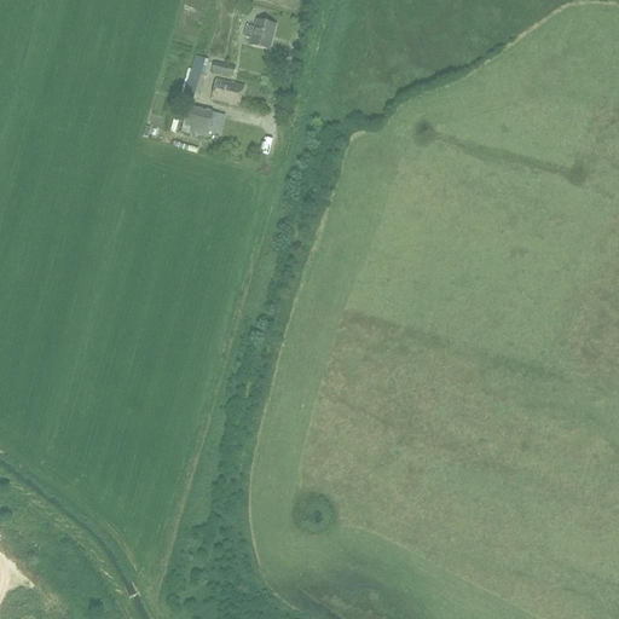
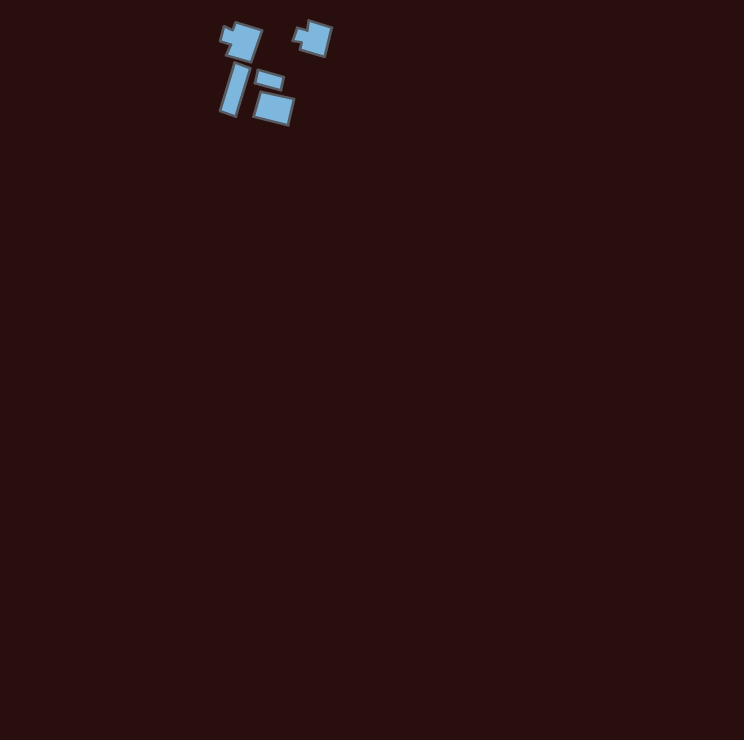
building: none -> [220,22,262,62]
building: [181,104,213,134] -> none

